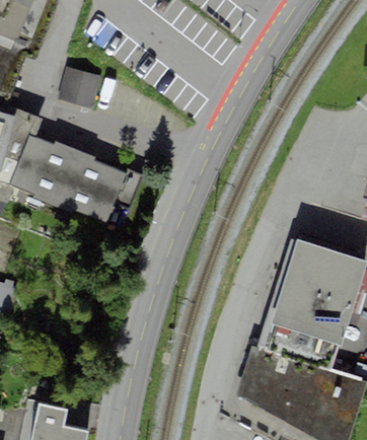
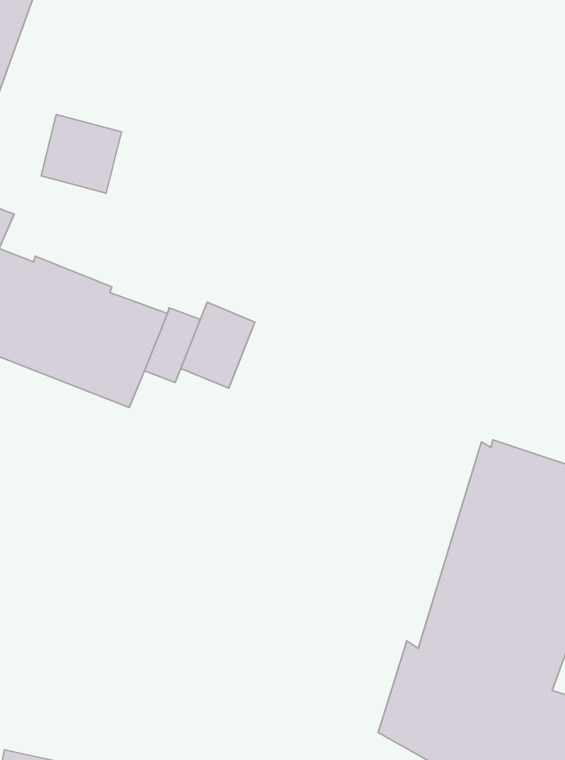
building: none -> [181,302,255,388]

